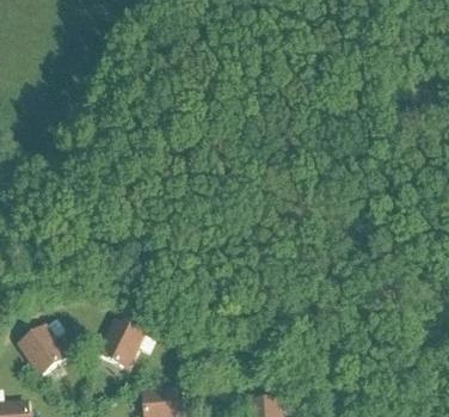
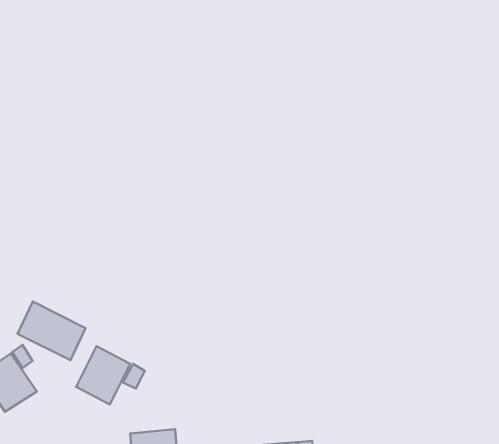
building: none -> [18,302,86,360]

